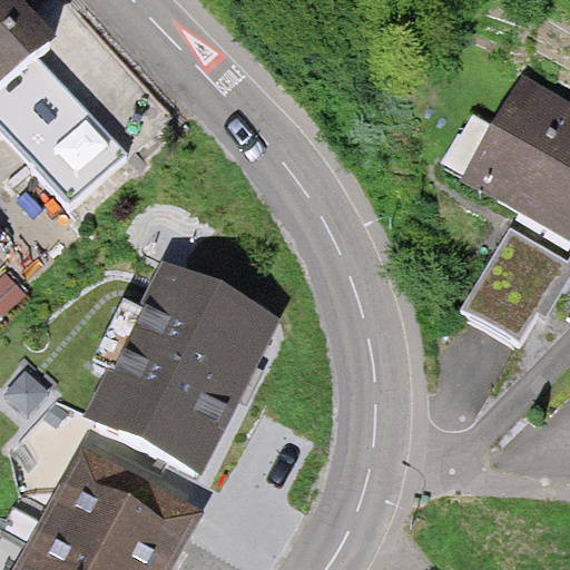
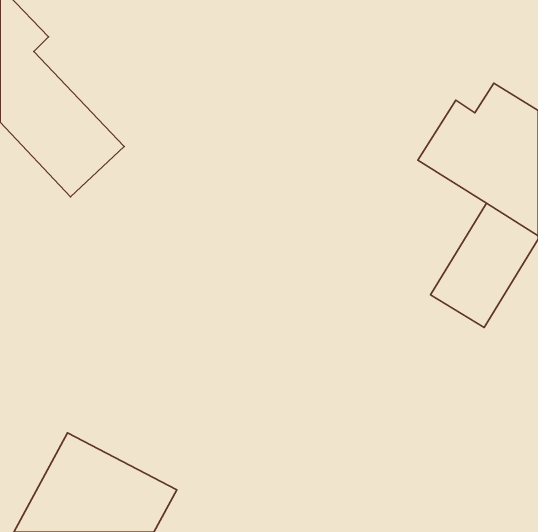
building: [92,258,285,473] -> none

